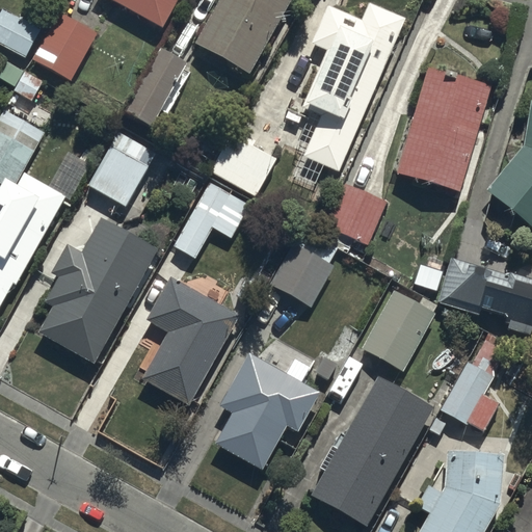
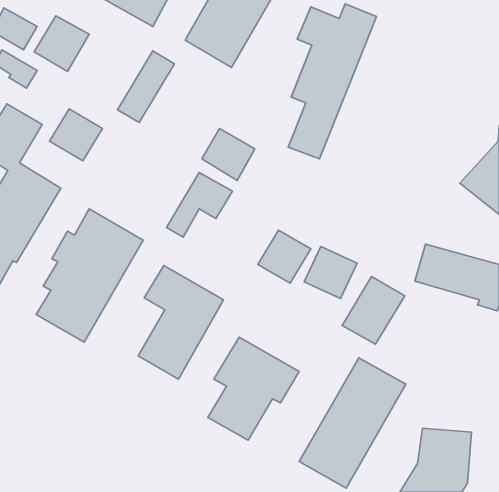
building: [399,71,487,191] -> none
building: [91,148,148,203] -> [50,109,103,161]
building: [326,184,382,239] -> [304,246,357,298]
building: [443,342,504,430] -> none

